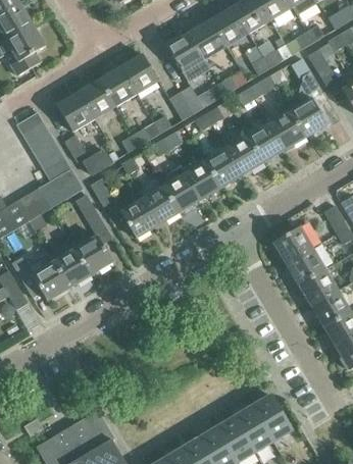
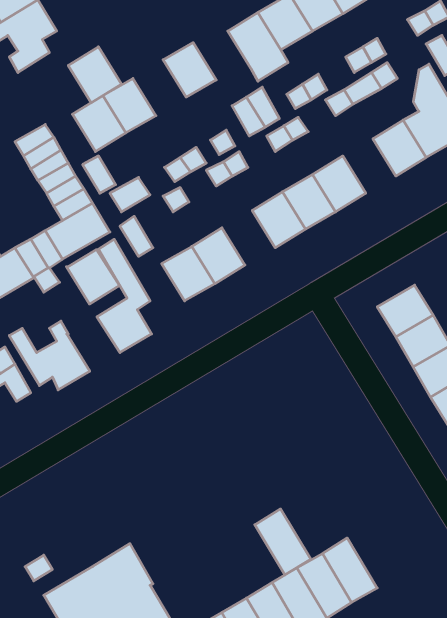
building: [99,66,137,106] -> [68,47,121,103]
building: [248,122,286,161] -> none
building: [162,173,200,212] -> none
building: [52,249,90,288] -> [66,250,120,304]
building: [251,395,291,442] -> [255,509,311,575]

